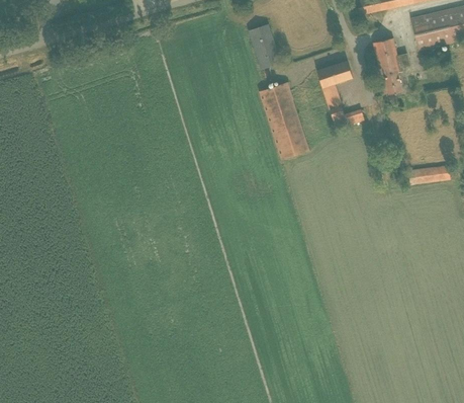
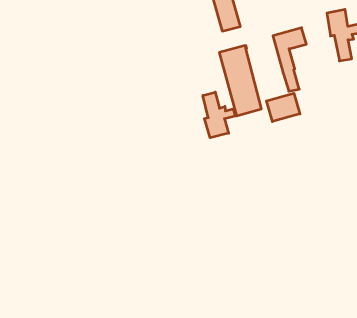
building: none -> [266,93,300,122]
building: none -> [203,92,235,138]

